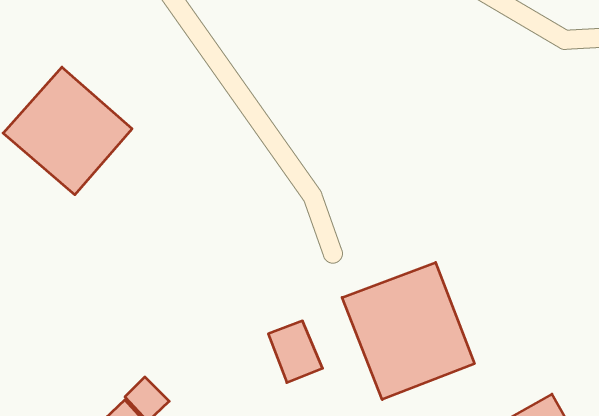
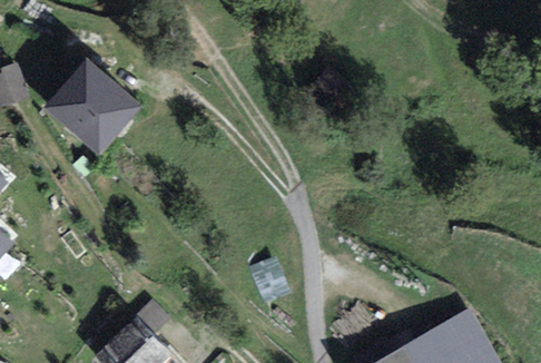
building: [342,262,474,400] -> none

